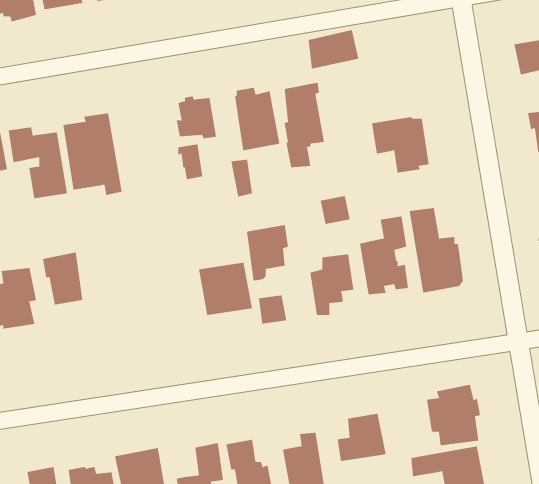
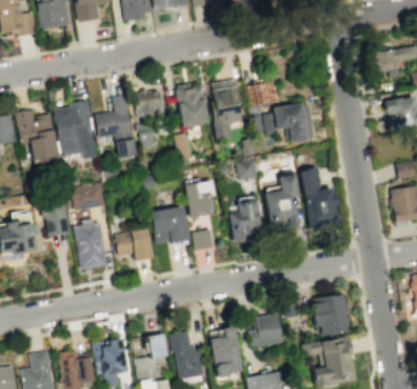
building: [308,30,359,69] -> [245,79,281,107]
building: none -> [95,93,136,158]
building: none -> [72,183,105,210]
building: none -> [73,218,107,269]
building: none -> [114,228,153,261]

